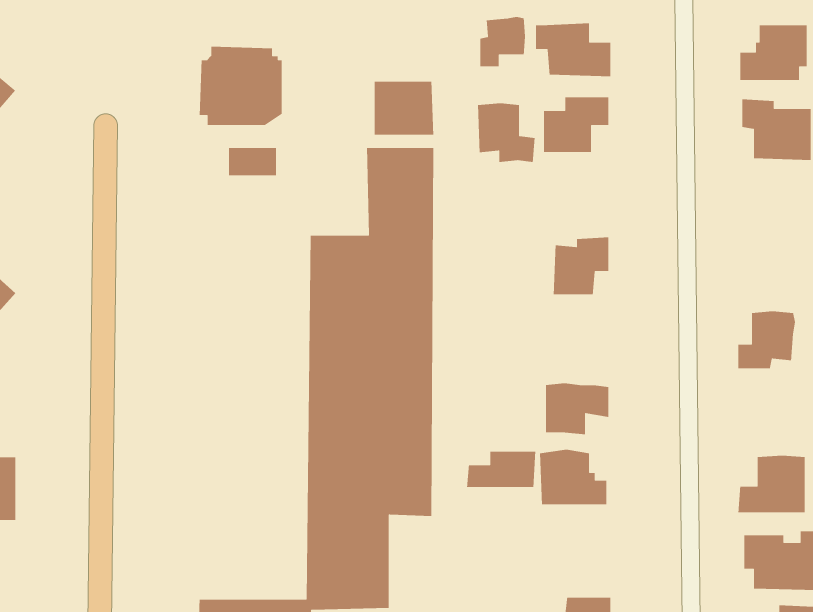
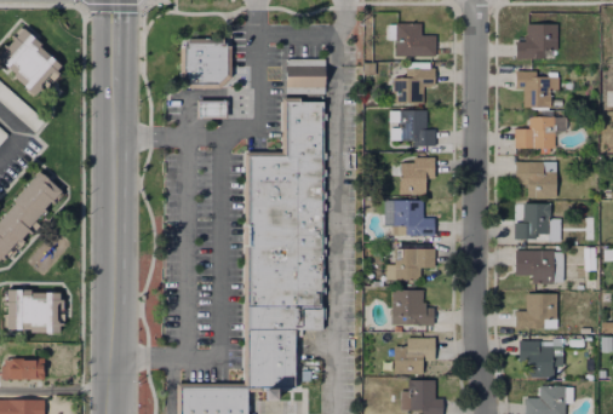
building: [480,16,526,67] -> none
building: [477,103,535,163] -> [399,108,435,145]
building: none -> [514,115,554,148]
building: none -> [515,162,555,197]
building: none -> [391,199,434,234]
building: none -> [514,251,552,283]
building: [466,451,536,488] -> [391,338,435,361]

